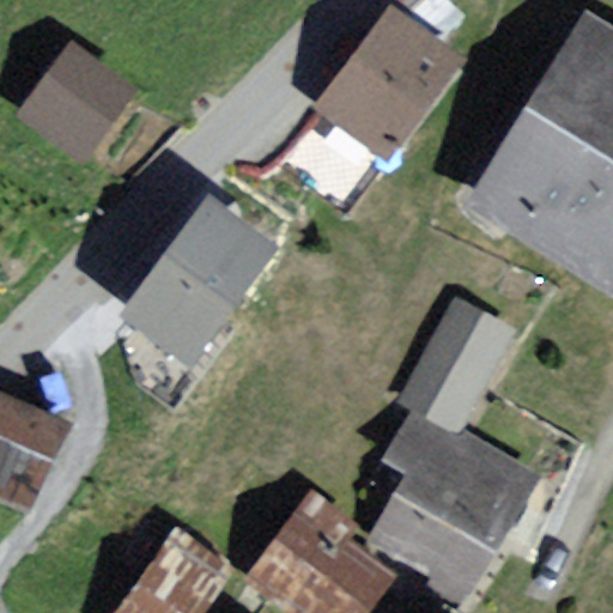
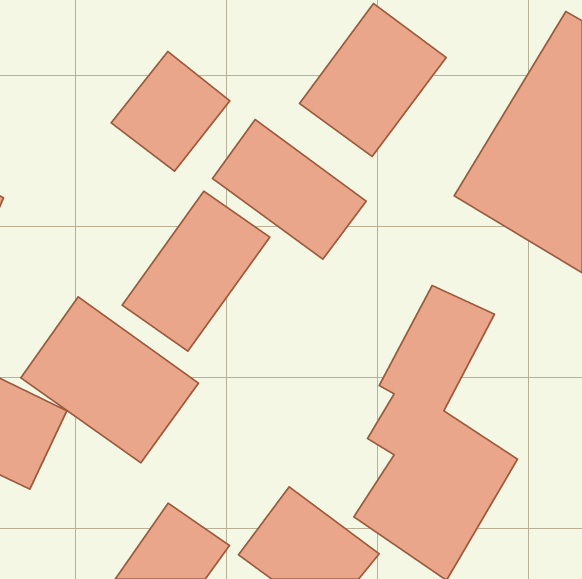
building: [10,42,133,166] -> [111,51,230,171]
building: none -> [212,119,366,259]
building: none -> [21,297,199,463]

